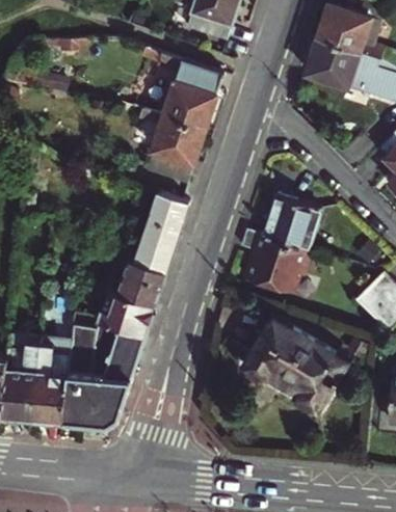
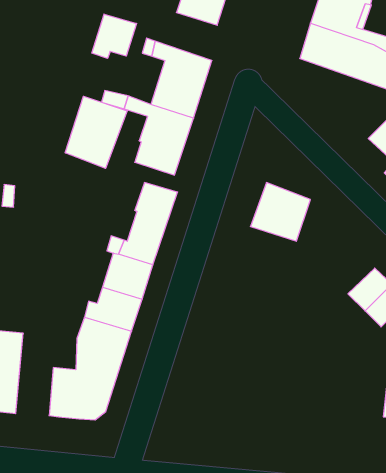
building: none -> [92,14,137,58]
building: none -> [65,96,127,168]
building: [239,231,310,294] -> none
building: [243,318,344,411] -> none
building: [31,329,70,420] -> none

